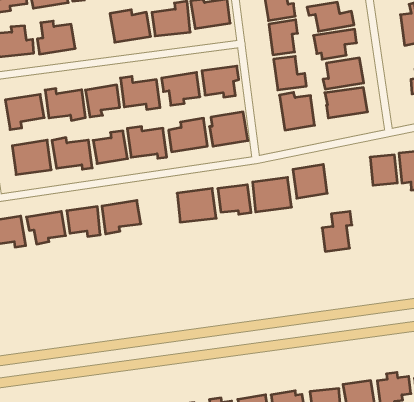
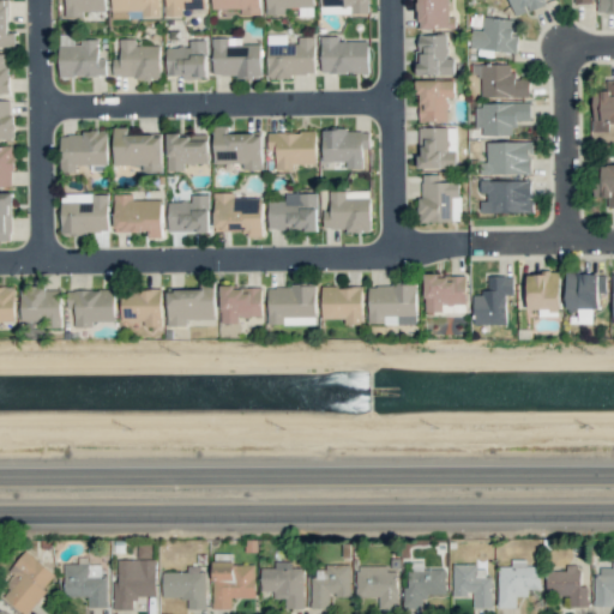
building: none -> [167,41,206,78]
building: none -> [221,288,261,324]
building: [322,211,352,251] -> [474,277,513,325]

